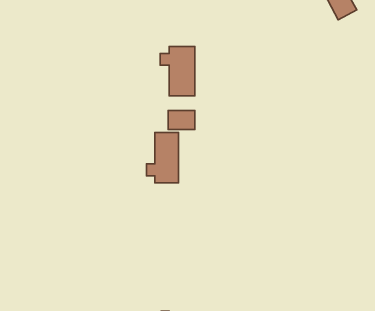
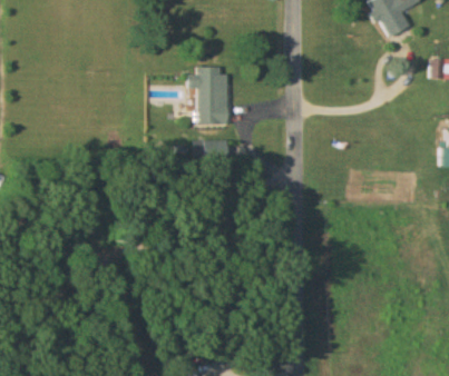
building: [147,132,179,183] -> none

